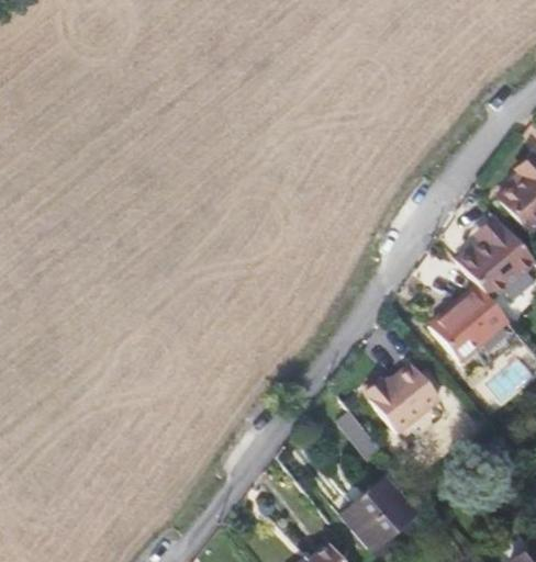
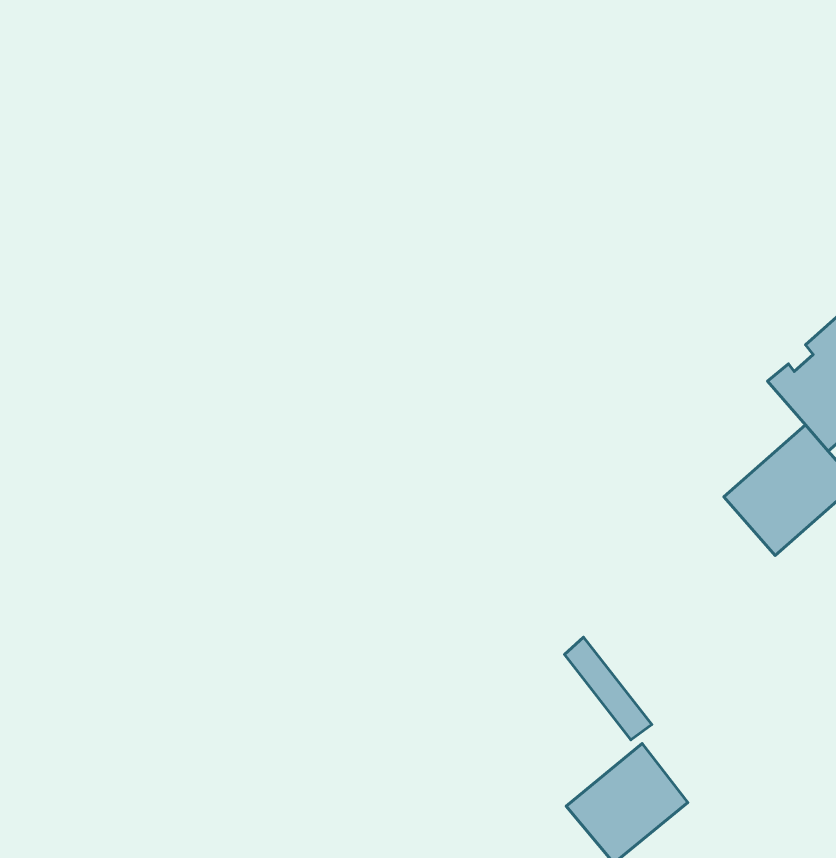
building: [367,360,440,434] -> none

